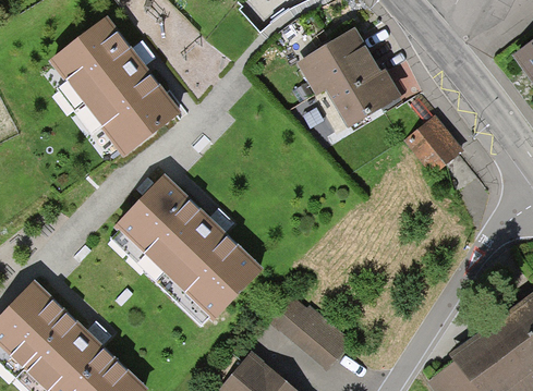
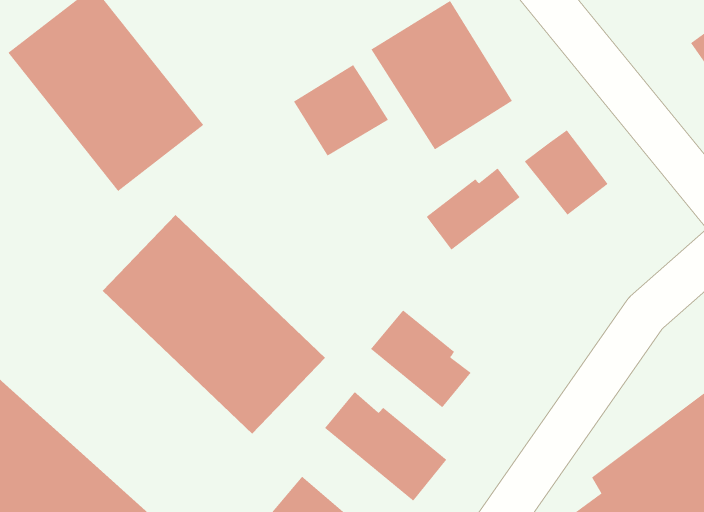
building: none -> [293,64,389,157]
building: none -> [426,167,521,250]
building: none -> [370,309,471,408]

